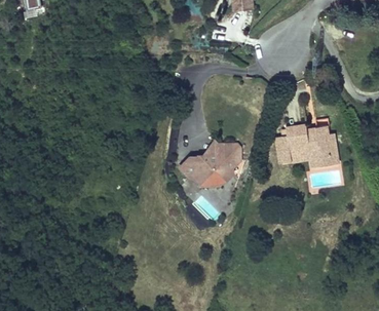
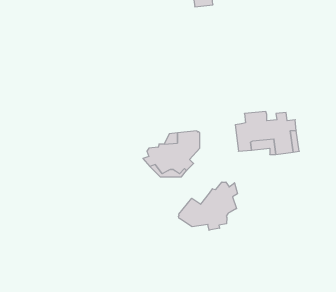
building: none -> [178,182,237,230]

